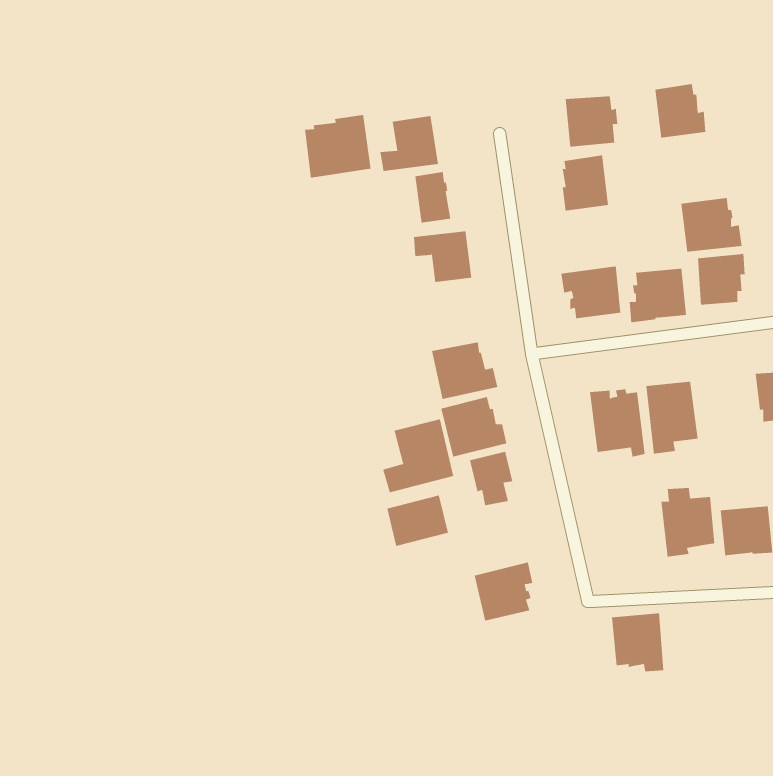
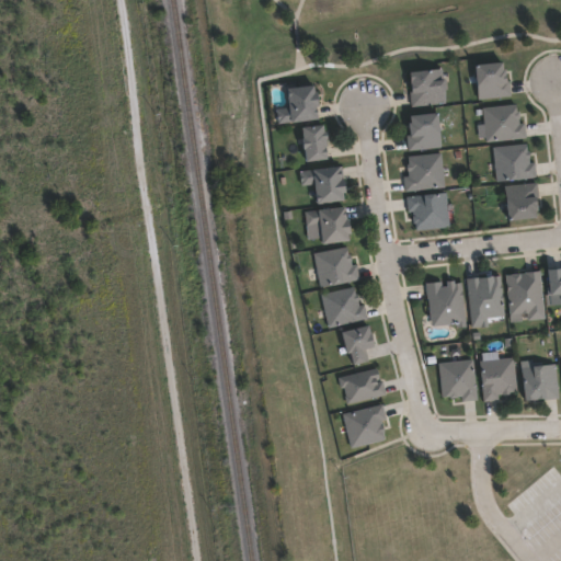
building: [304,114,371,179] -> none
building: none -> [483,103,527,142]
building: [629,268,687,323] -> [404,152,446,192]
building: none -> [306,206,348,244]
building: none -> [507,272,547,320]
building: [383,419,454,493] -> none
building: [386,495,449,547] -> [342,368,387,405]
building: [611,613,664,672] -> [439,359,478,402]

